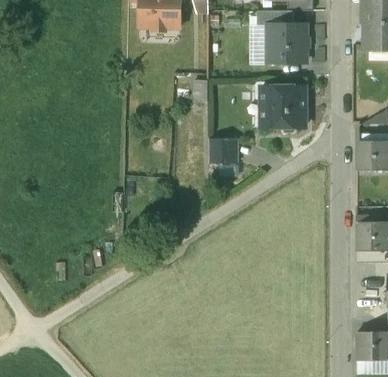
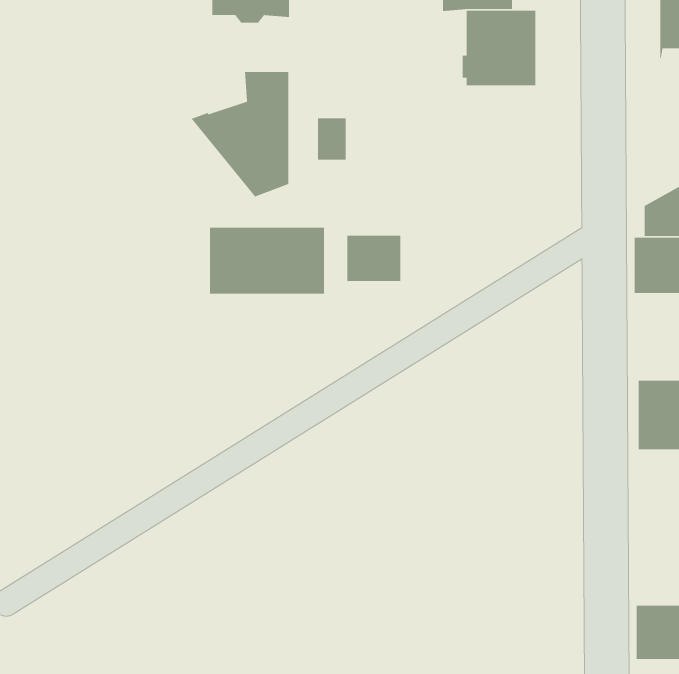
building: none -> [190,71,289,197]
building: [260,88,305,134] -> none
building: none -> [209,227,325,295]

